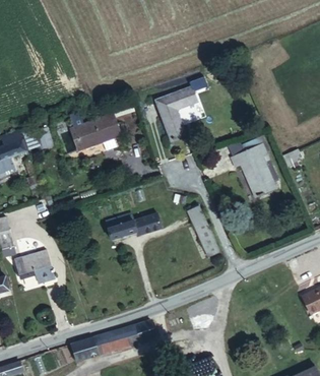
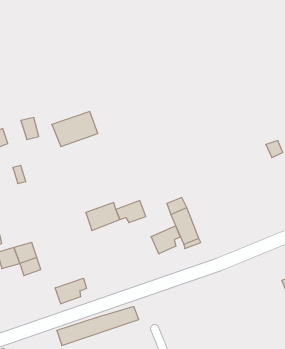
building: [151,90,199,150] -> none
building: [231,144,275,198] -> none
building: none -> [151,226,180,254]
building: none -> [55,278,87,304]

